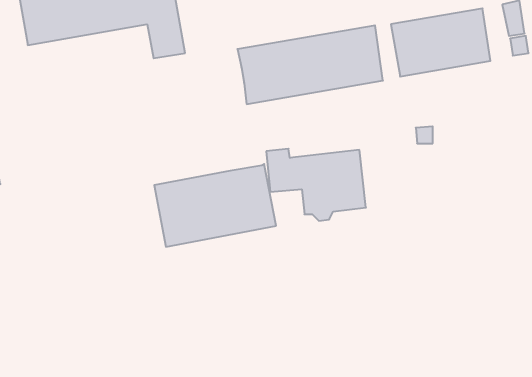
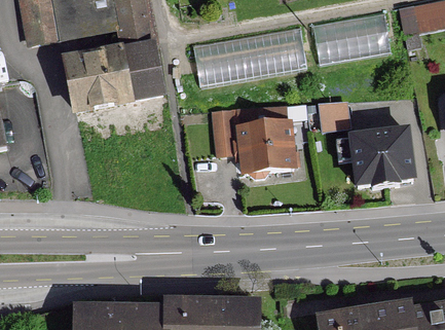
building: none -> [350,118,411,186]
building: [154,164,276,247] -> [66,44,161,109]

